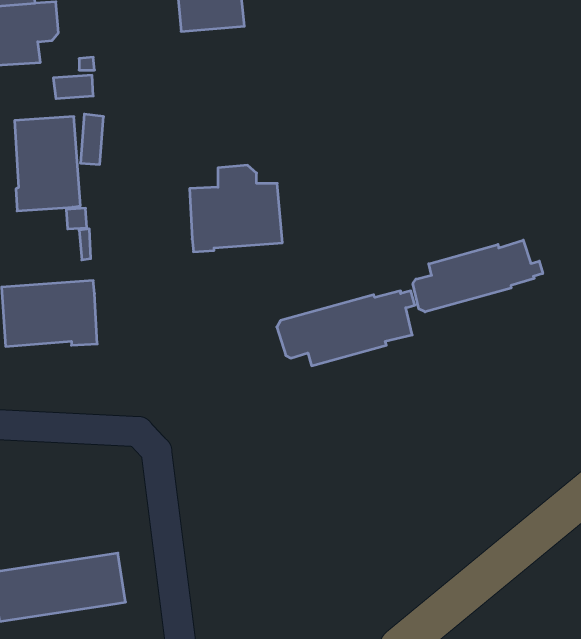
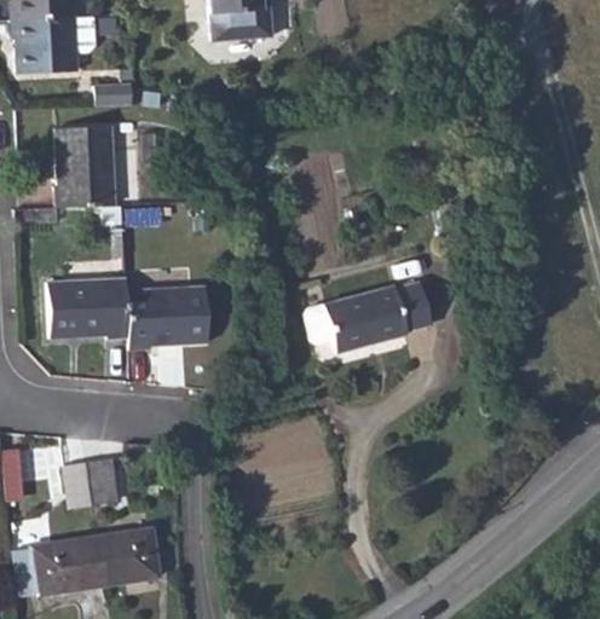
building: [190,165,282,252] -> [129,266,217,347]
building: [413,240,543,312] -> none
building: none -> [68,461,116,509]

